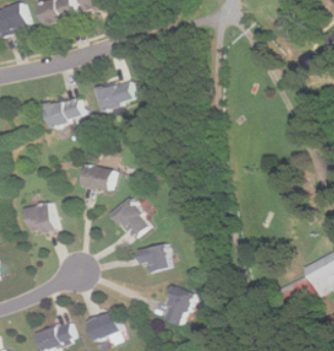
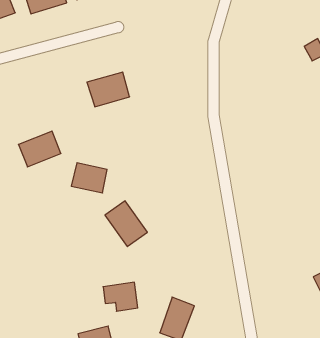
building: [42,95,81,128] -> [18,131,61,167]
building: [23,202,54,234] -> none
building: [134,245,166,271] -> [103,282,138,311]

